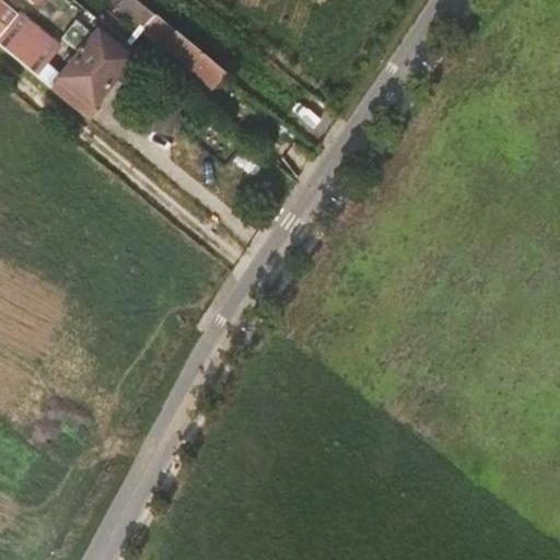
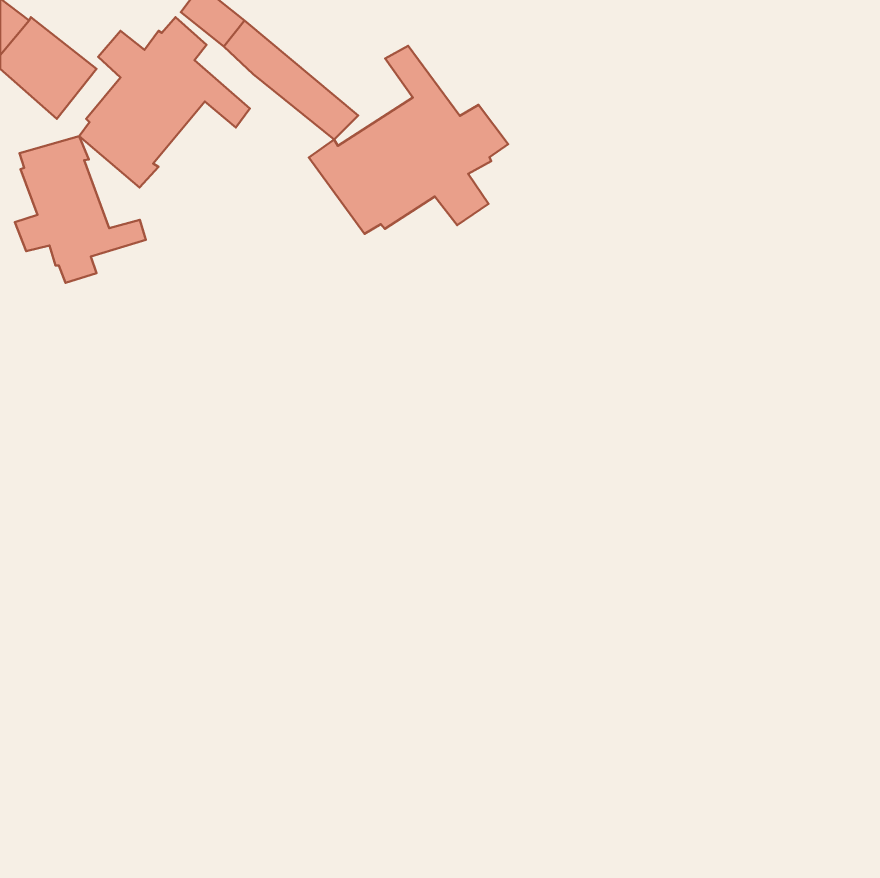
building: none -> [309,46,508,234]
building: none -> [15,136,146,283]

